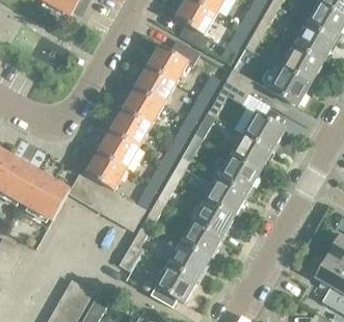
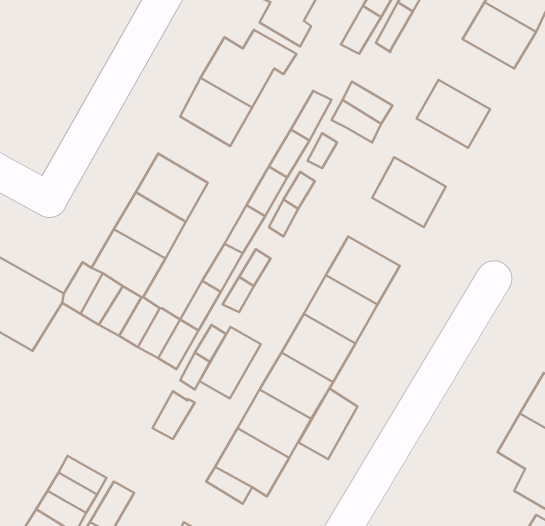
building: [280,45,322,84] -> none
building: [122,88,162,126] -> none
building: [229,134,271,172] -> none
building: none -> [199,327,261,398]
building: none -> [299,389,357,459]

